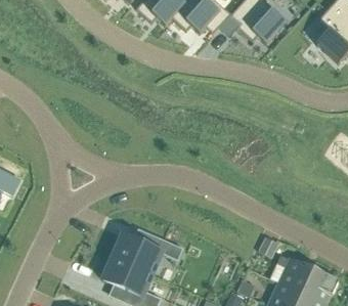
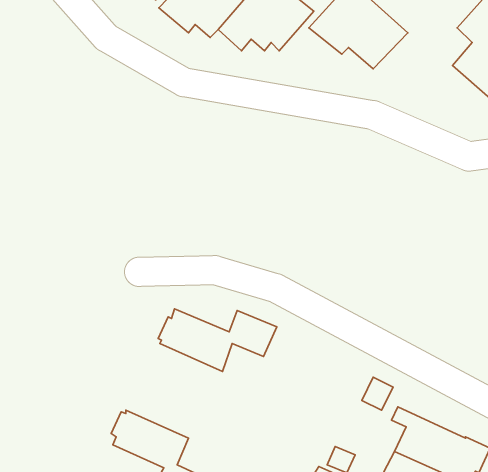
building: [112,236,185,275] -> [158,309,277,371]

